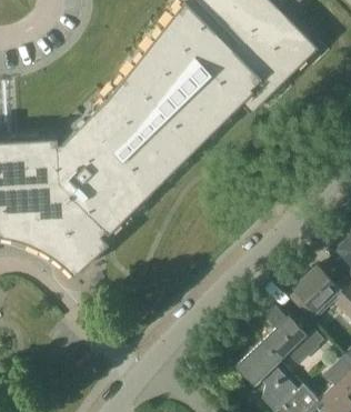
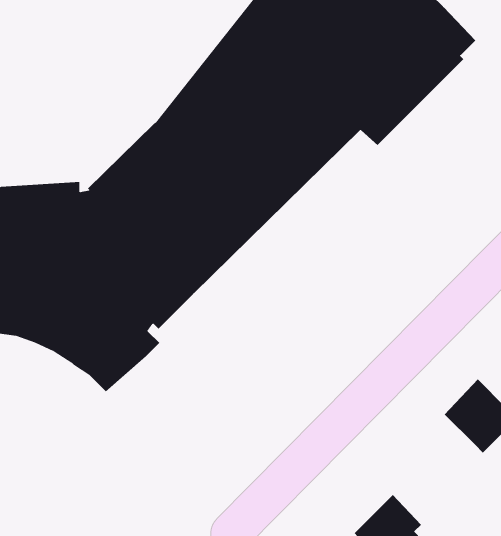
building: [261,308,323,363] -> none

